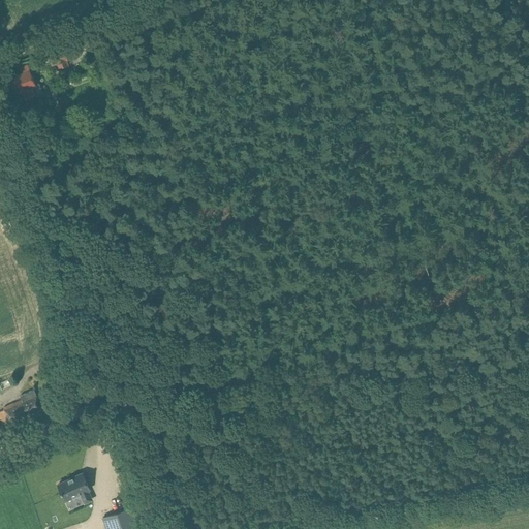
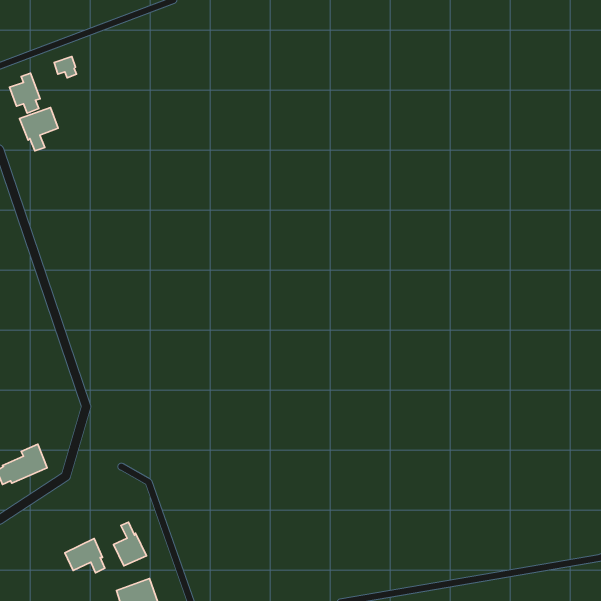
building: none -> [20,107,58,151]
building: none -> [114,522,146,566]

